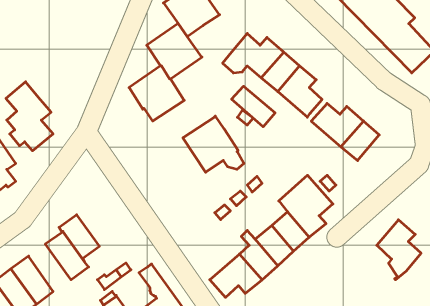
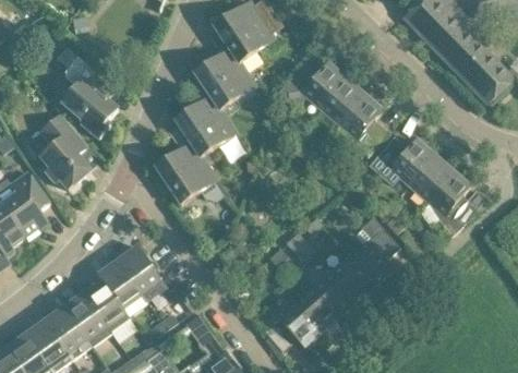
building: none -> [56,46,118,139]
building: [232,86,275,127] -> none
building: [183,116,244,172] -> [155,142,222,204]
building: none -> [117,245,161,294]
building: [377,220,421,280] -> [427,171,477,238]
building: none -> [63,292,107,345]

